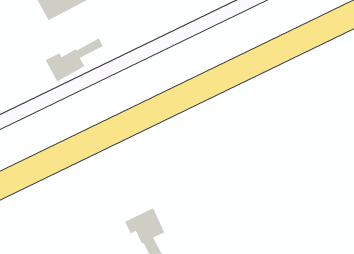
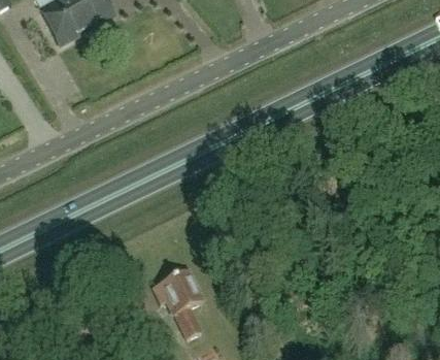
building: [45,37,104,82] -> none

